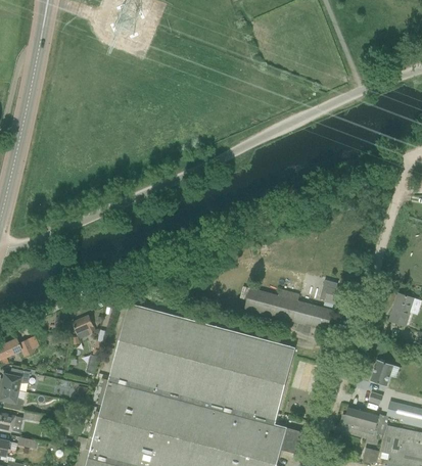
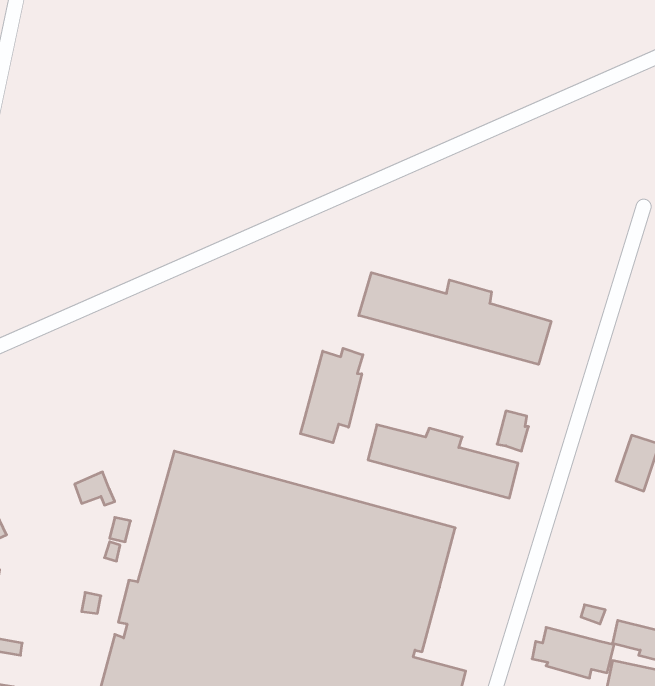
building: none -> [359,273,551,364]
building: none -> [300,348,363,443]
building: [370,361,392,387] -> none

